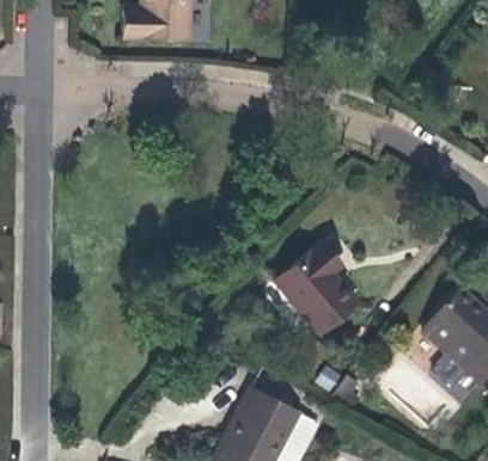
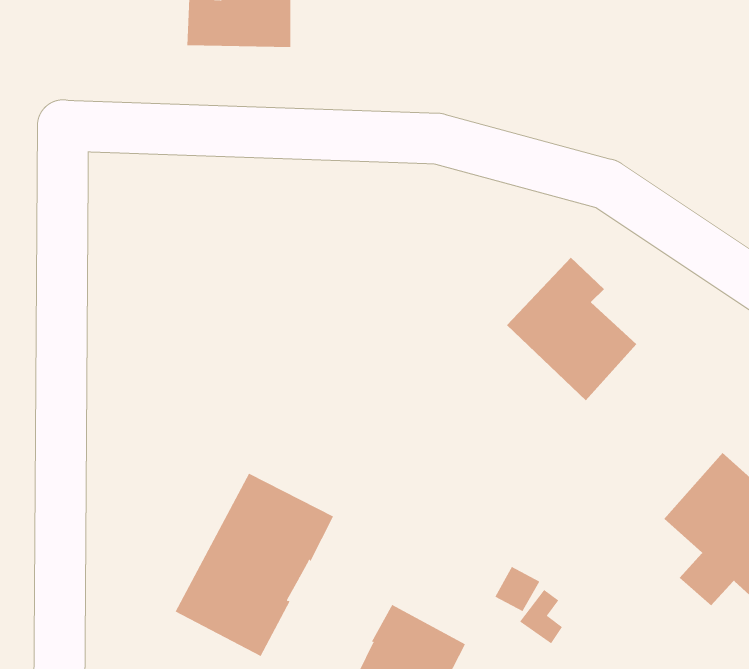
building: [266,240,348,331] -> [506,257,637,401]
building: none -> [175,473,334,657]

